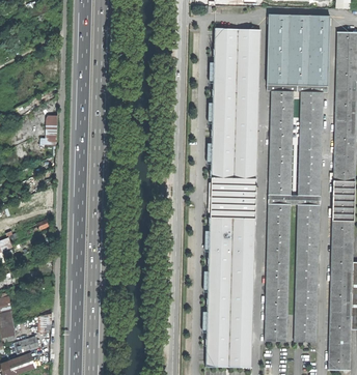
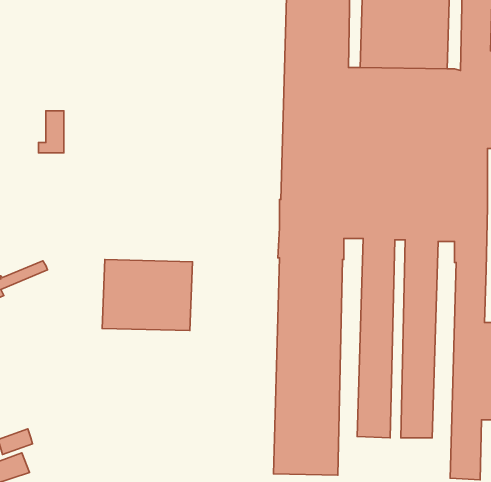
building: none -> [102,260,193,331]

